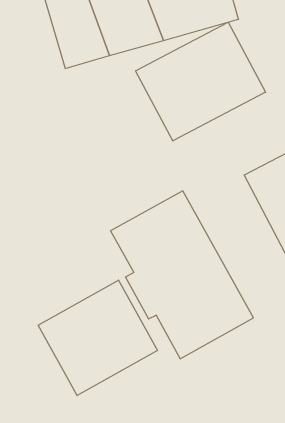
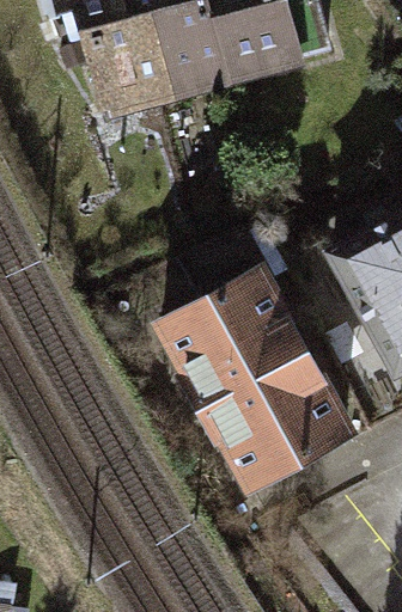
building: [136,22,266,141] -> none
building: [38,280,157,396] -> none

